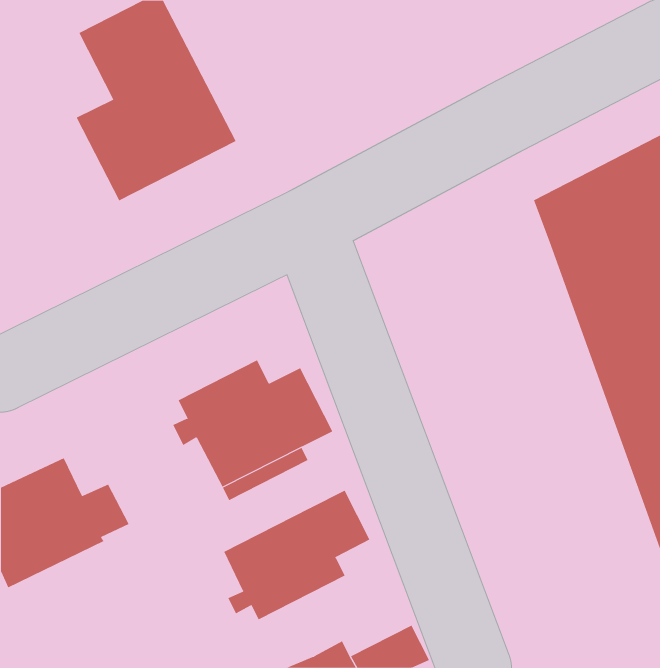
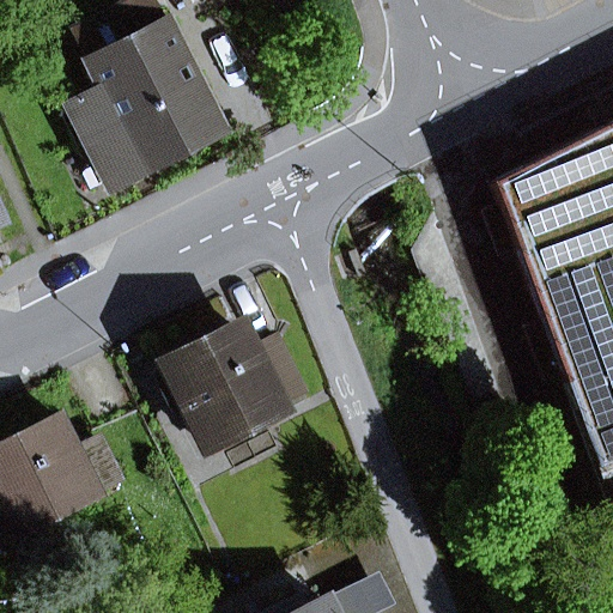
building: [224,490,370,620] -> none

